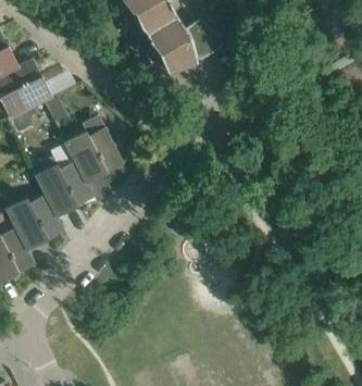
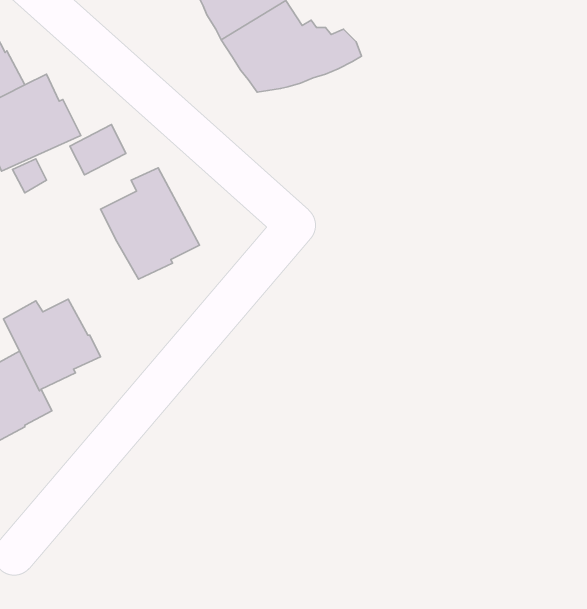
building: [35,161,93,217] -> none

